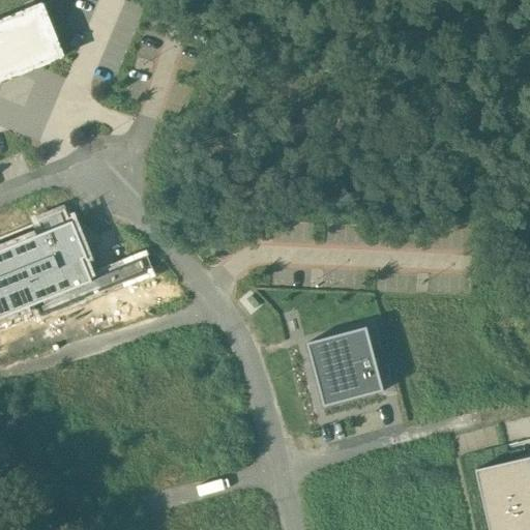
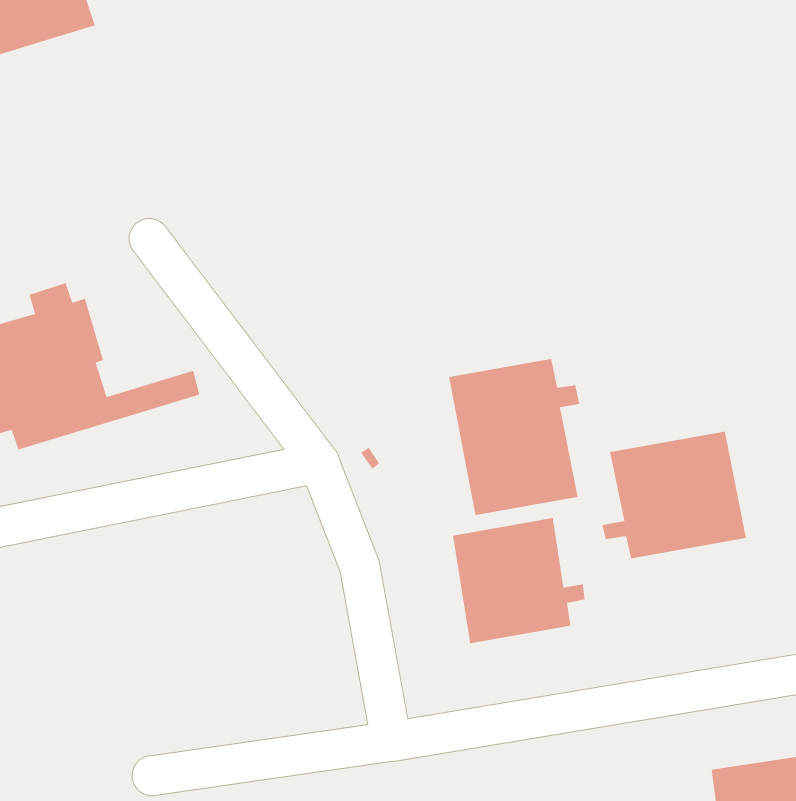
building: none -> [449,358,580,516]
building: none -> [602,431,747,559]

